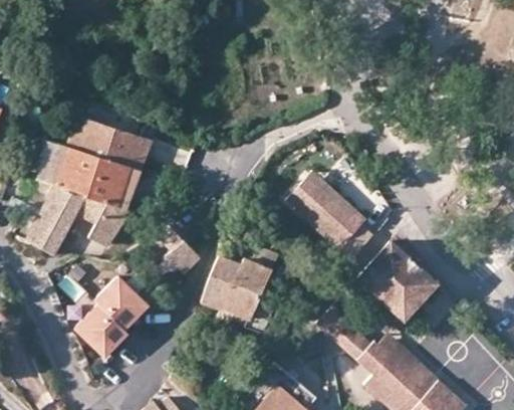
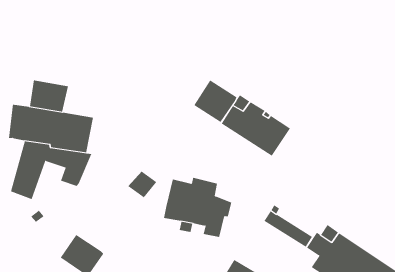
building: [105,130,152,171] -> none
building: none -> [194,79,237,123]
building: [359,243,437,319] -> none
building: [94,276,147,328] -> none

